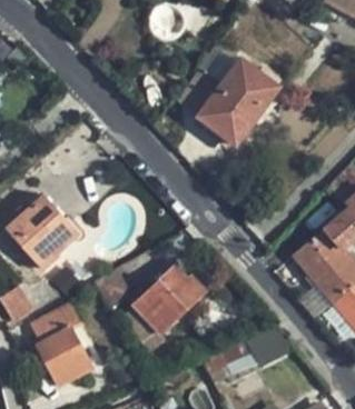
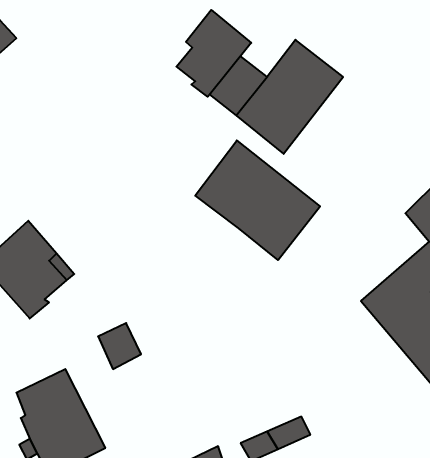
building: none -> [176,10,251,97]
building: none -> [195,140,320,260]
building: [126,263,206,350] -> none

